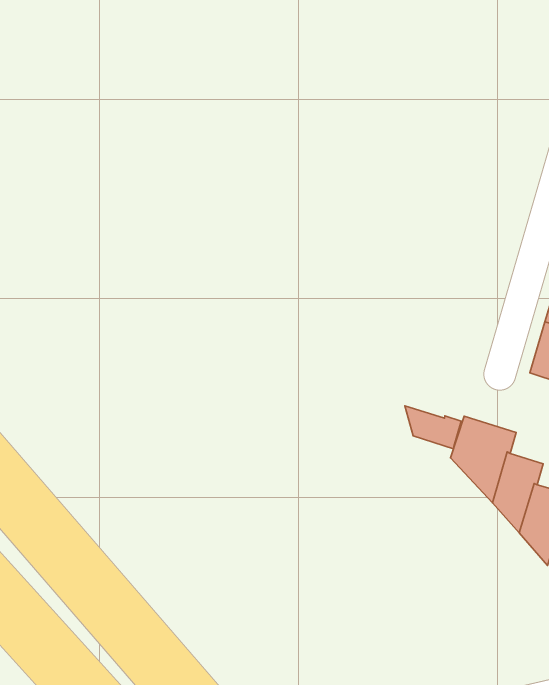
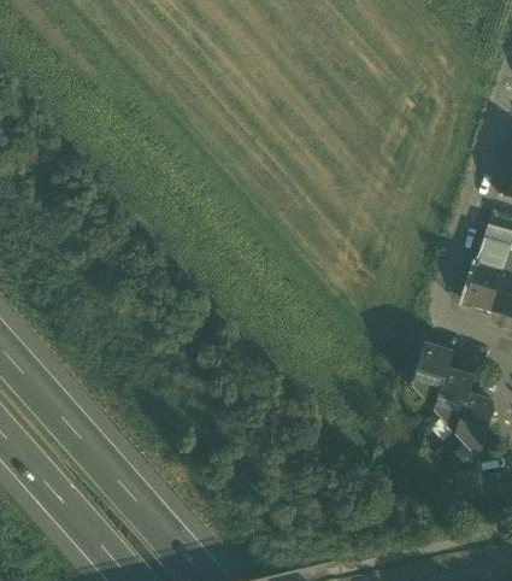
building: [405,406,461,449] -> none

